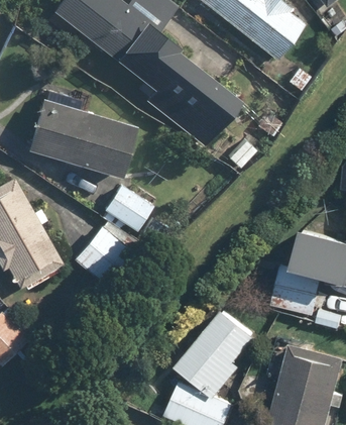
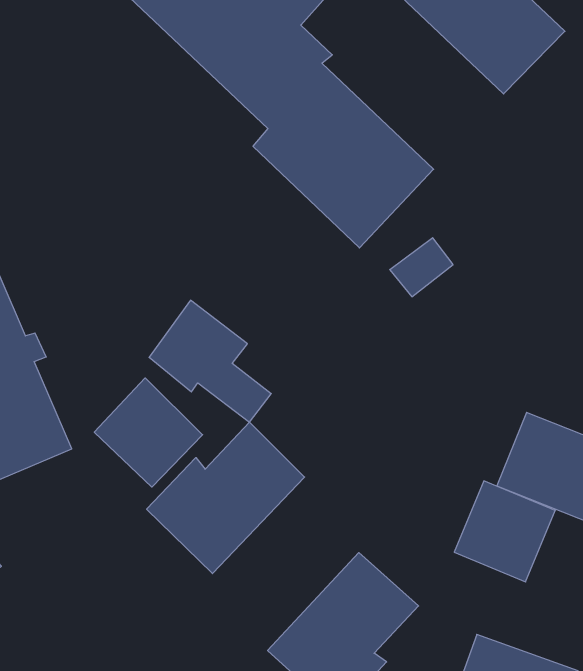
building: [22,90,134,177] -> none
building: none -> [147,422,305,574]

